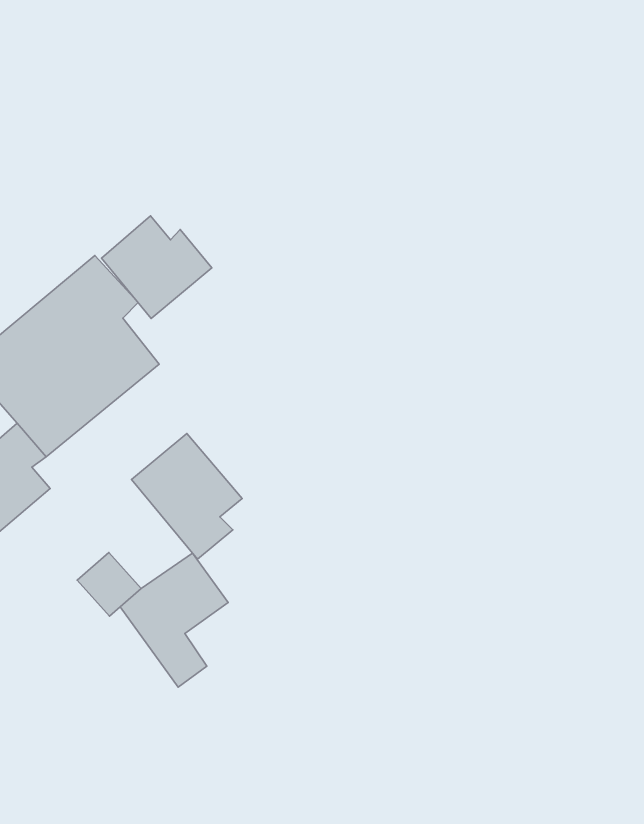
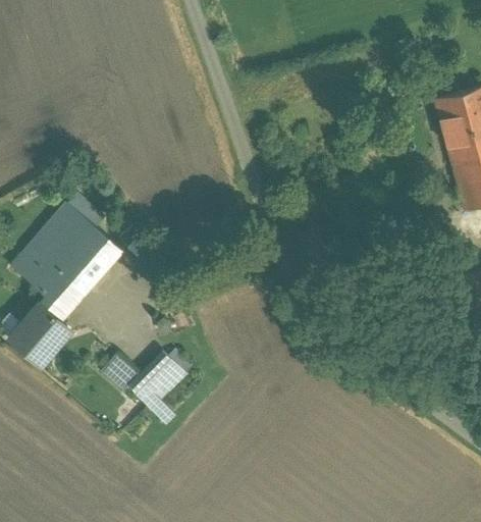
building: [101,216,212,318] -> none
building: [131,434,242,559] -> none

